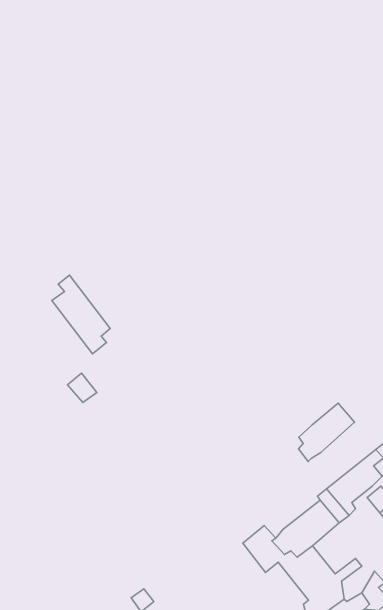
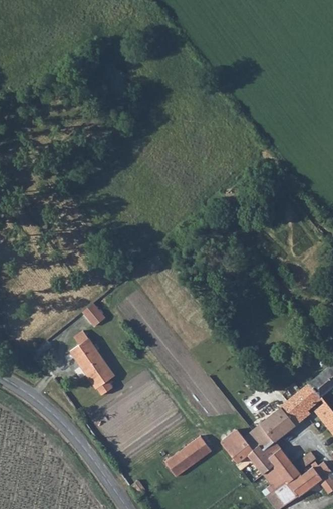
building: [52,275,110,354] -> [68,335,114,397]
building: [298,403,354,462] -> none
building: none -> [165,440,210,480]

